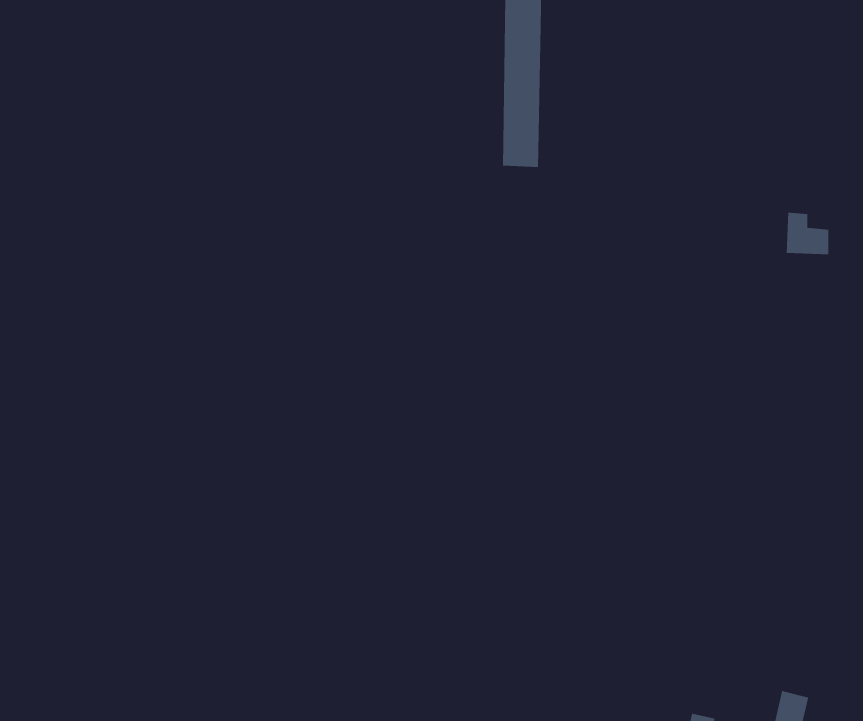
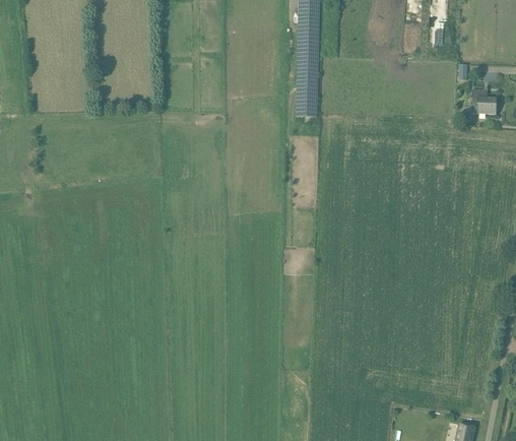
building: [786,212,829,255] -> [470,87,496,113]

